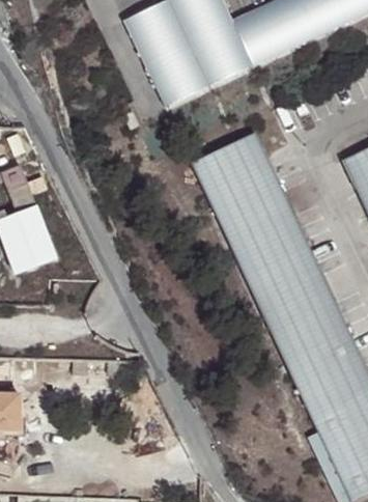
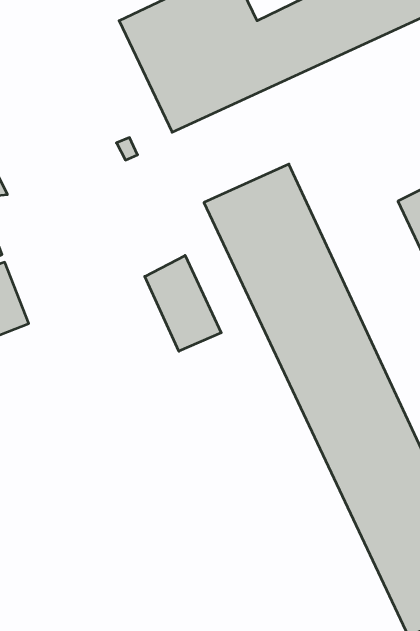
building: none -> [145,255,221,351]

